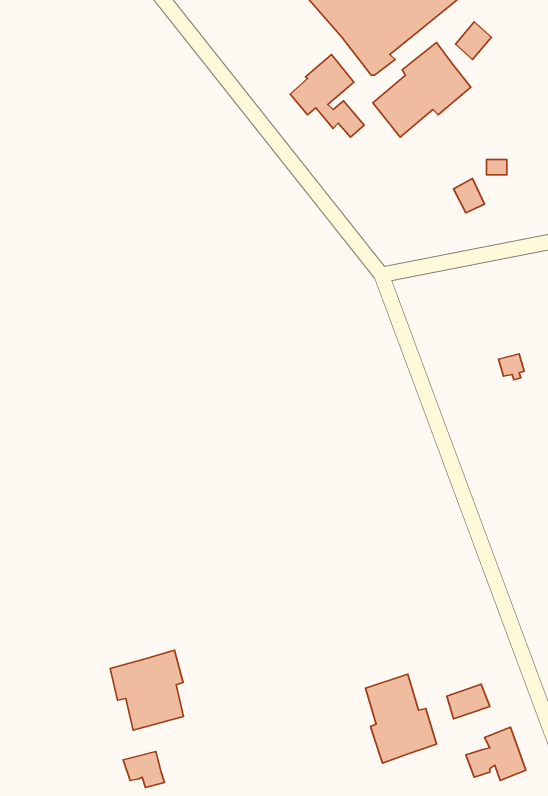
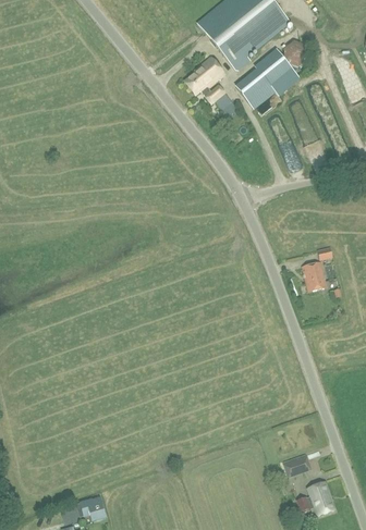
building: none -> [302,261,327,291]
building: [110,650,184,730] -> none
building: [365,674,437,763] -> none

